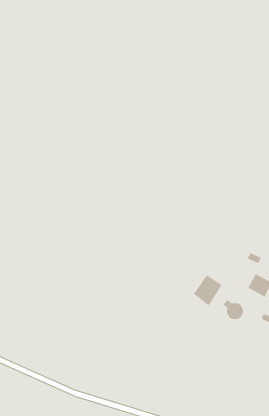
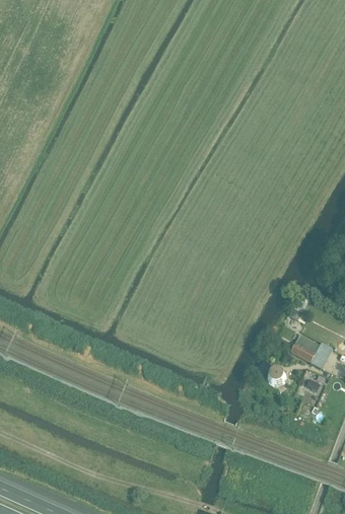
building: [193,274,223,306] -> none

